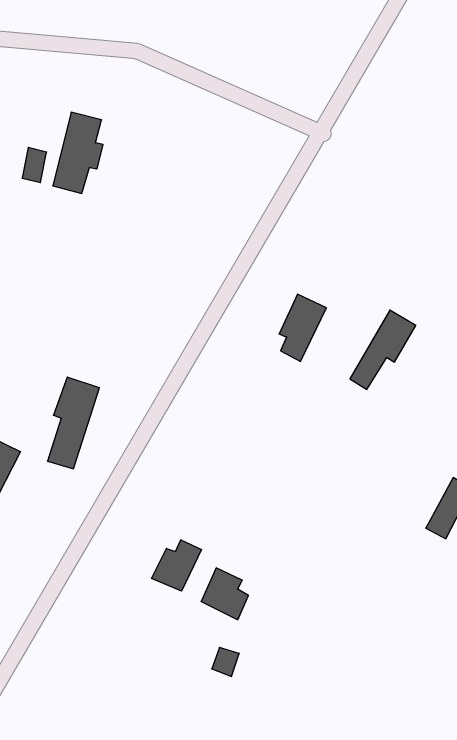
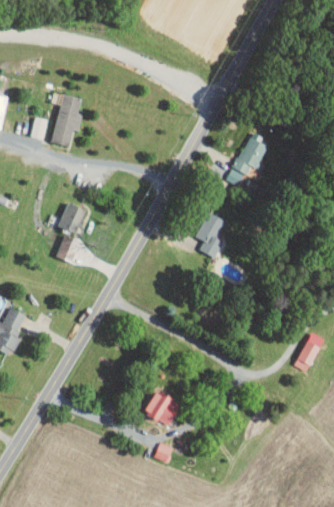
building: [350,310,416,390] -> [225,135,268,187]
building: [47,377,99,469] -> [54,203,88,263]
building: [152,540,201,591] -> none

